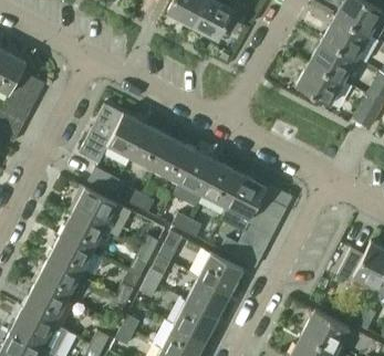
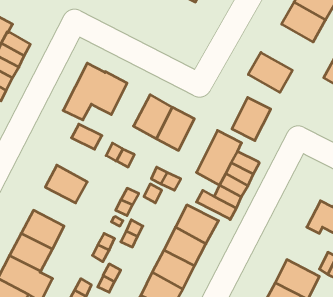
building: [295,63,342,105] -> [248,52,292,92]
building: [129,125,170,170] -> none
building: [200,163,241,208] -> [232,97,271,141]
building: [72,186,131,237] -> none
building: [48,234,92,275] -> none

